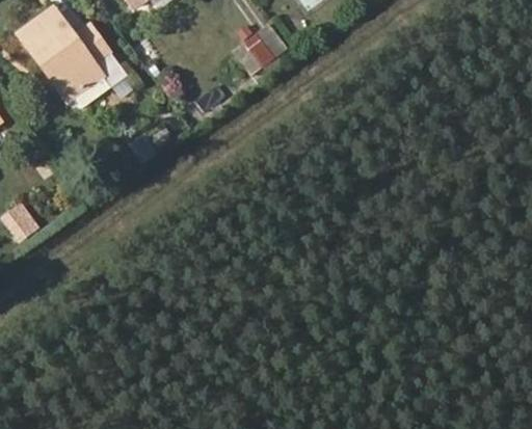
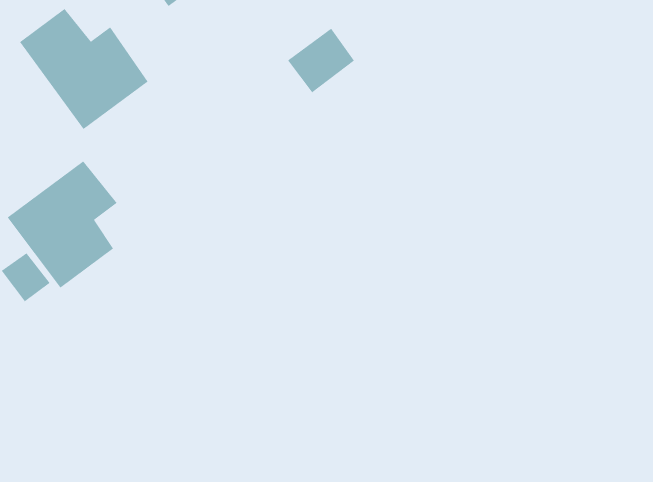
building: none -> [7,160,118,288]

